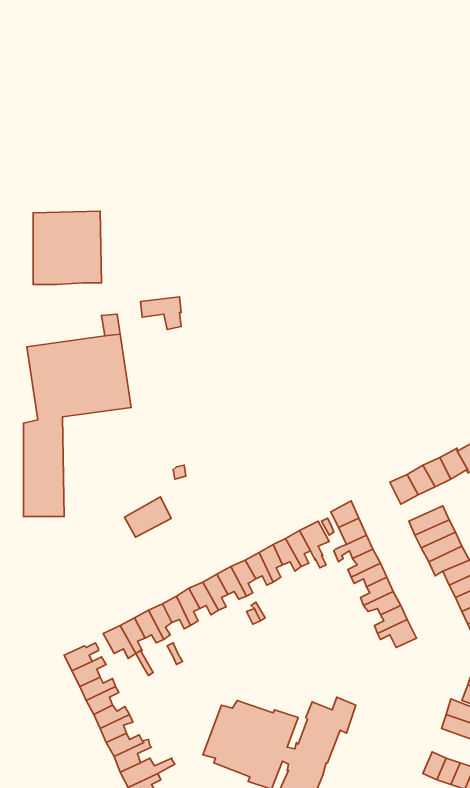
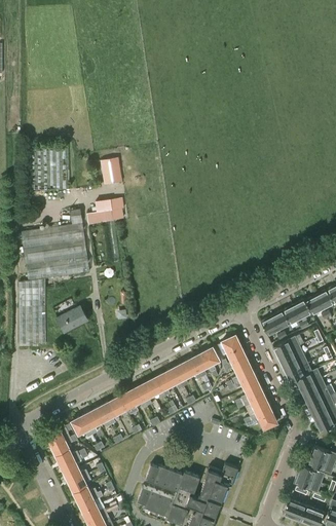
building: none -> [101,158,122,183]
building: [125,497,171,537] -> [57,306,87,333]

